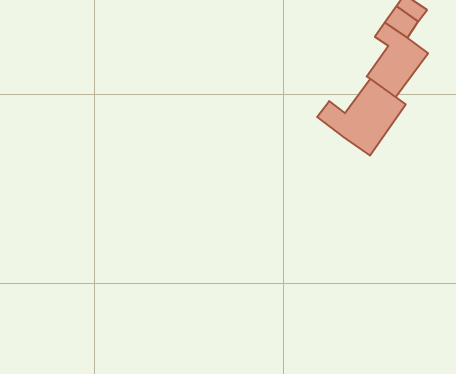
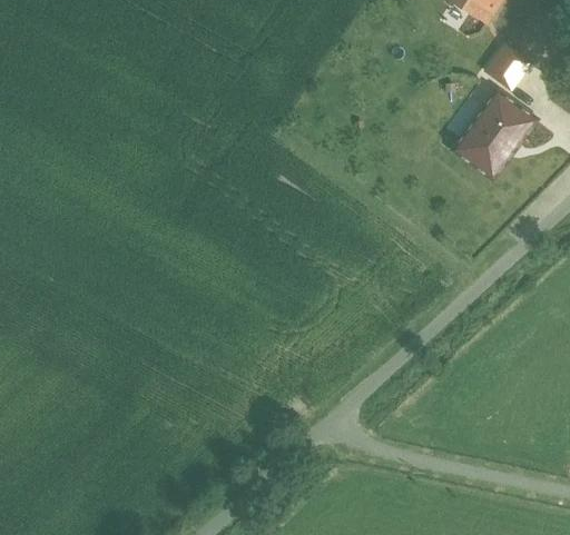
building: [317,79,406,156] -> none

